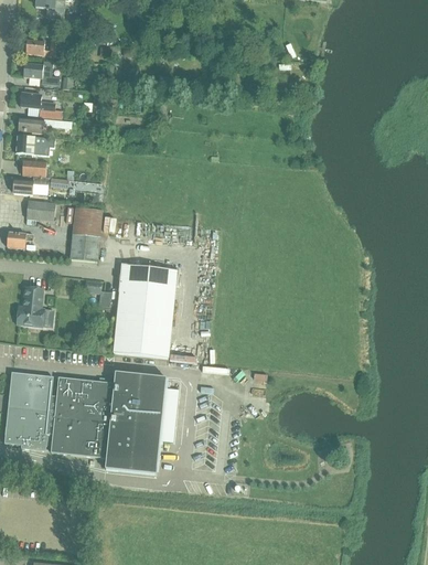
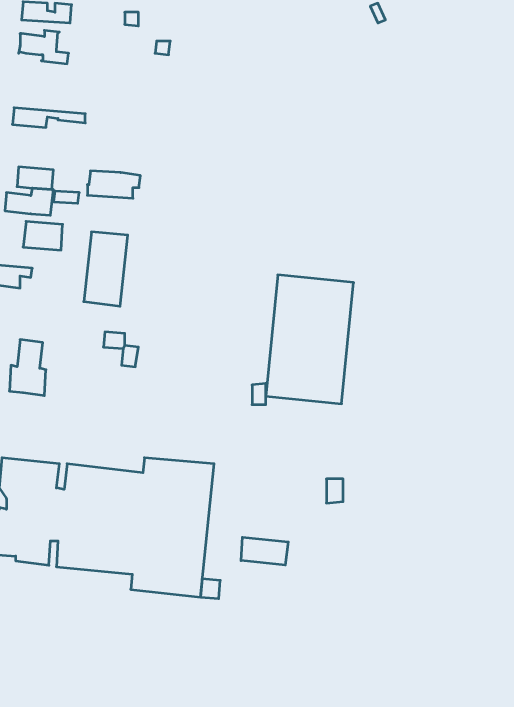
building: [20,92,61,118] -> none
building: [15,135,54,154] -> [87,171,140,198]
building: [113,264,176,358] -> [266,275,354,404]
building: none -> [241,537,288,565]

